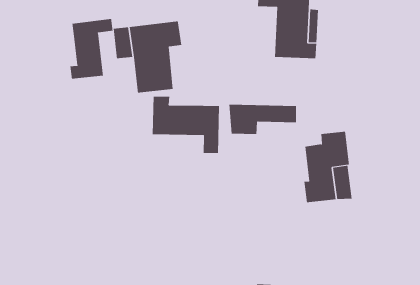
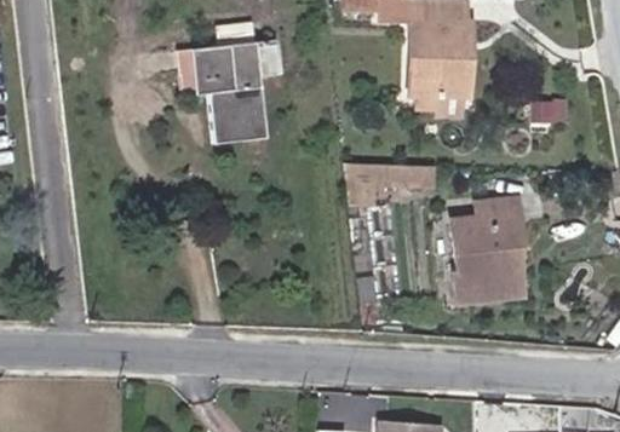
building: [70,18,113,80] -> none
building: [152,96,219,154] -> none

